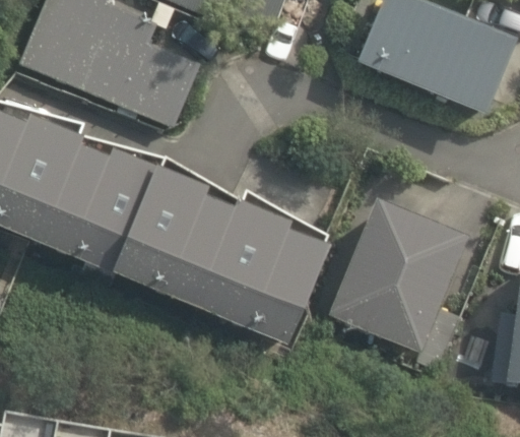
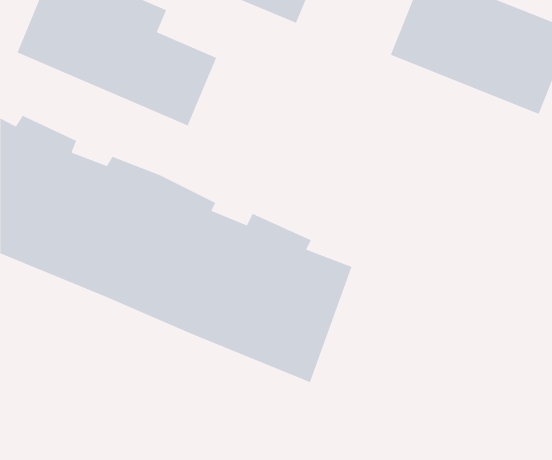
building: [330,196,469,359] -> none

